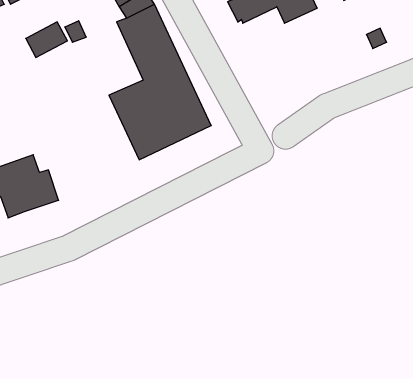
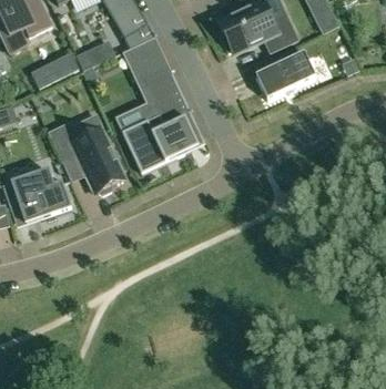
building: none -> [255,51,315,99]
building: none -> [48,121,123,192]

